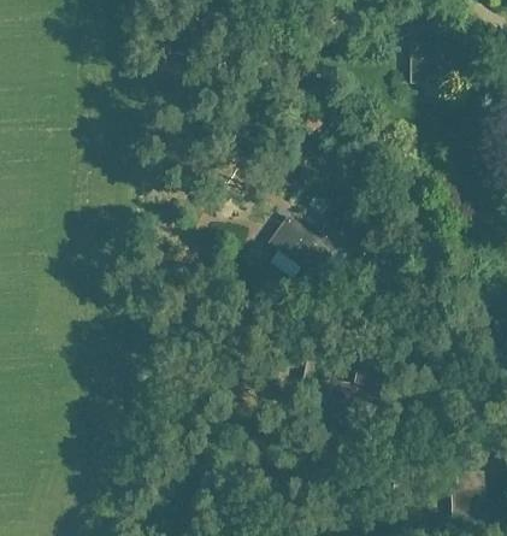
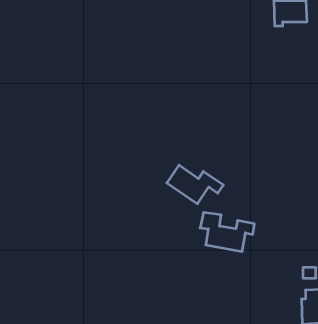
building: [269,218,353,276] -> [167,165,223,204]

